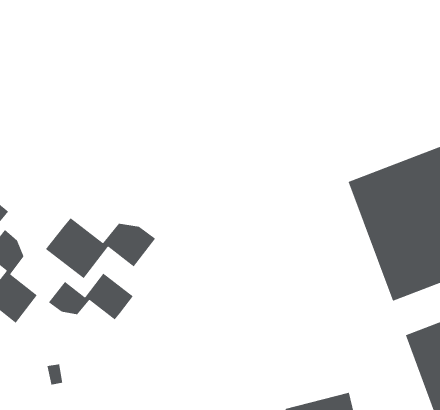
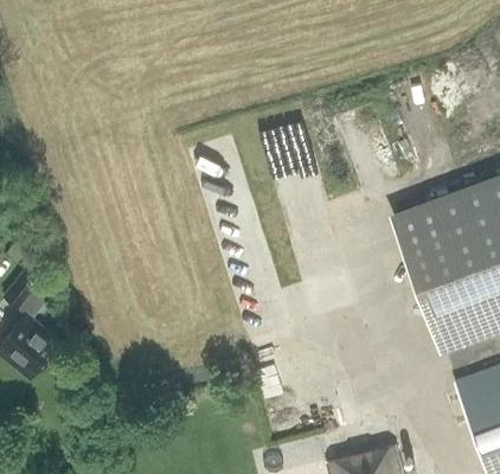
building: [45,217,156,279] -> none
building: [48,273,134,320] -> none

